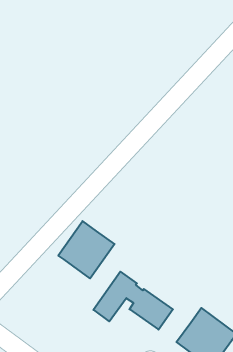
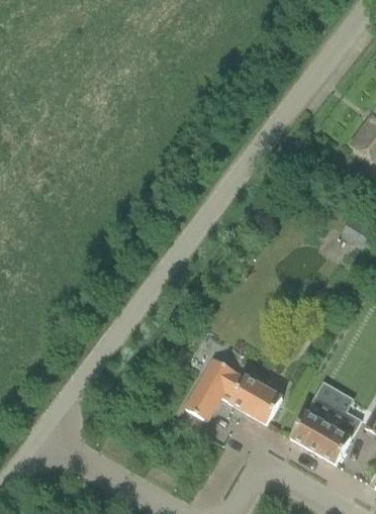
building: [58,221,115,278] -> none

